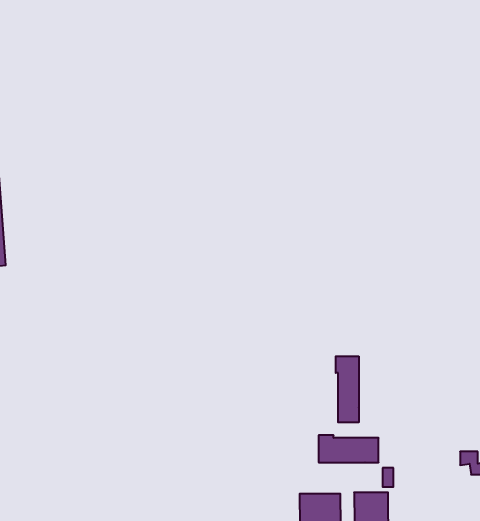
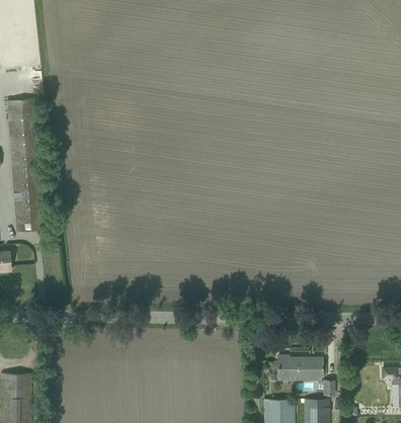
building: [336,356,359,422] -> none

